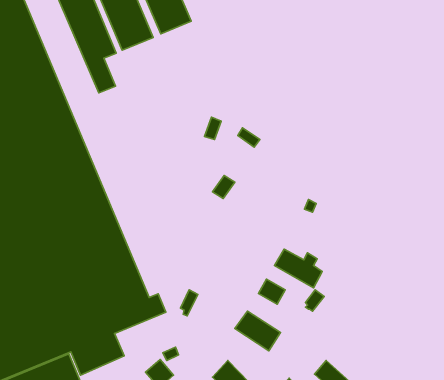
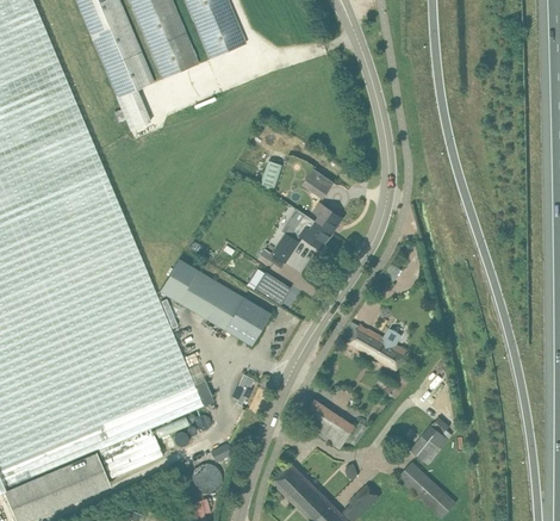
building: none -> [293,203,342,249]
building: none -> [160,259,270,346]
building: none -> [248,268,291,304]
building: [259,279,285,304] -> none
building: none -> [410,424,449,465]

